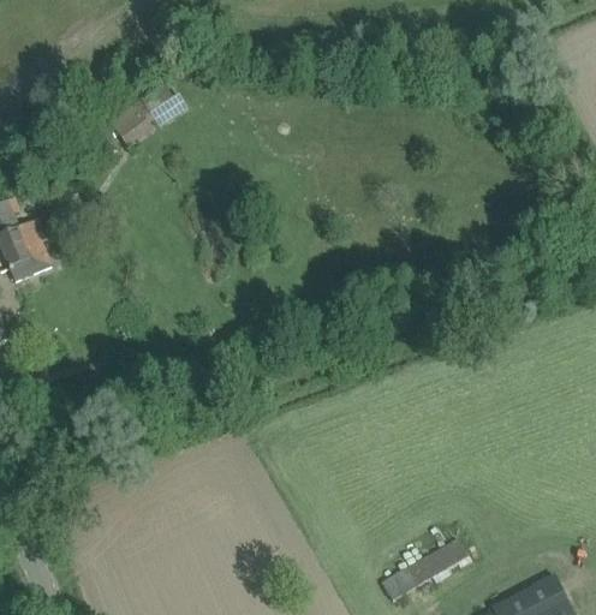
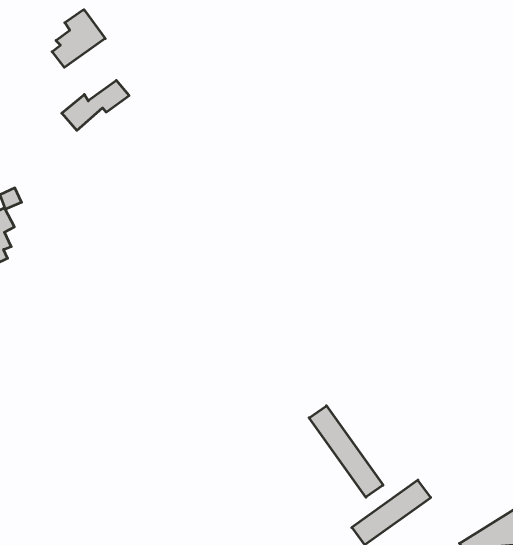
building: none -> [52,10,105,67]
building: none -> [309,406,383,497]

